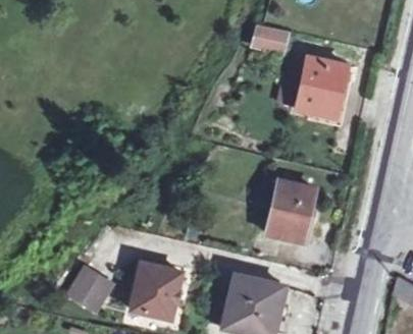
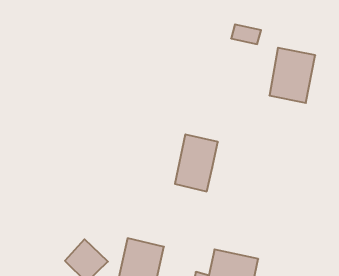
building: [268,178,315,240] -> [175,134,218,191]

